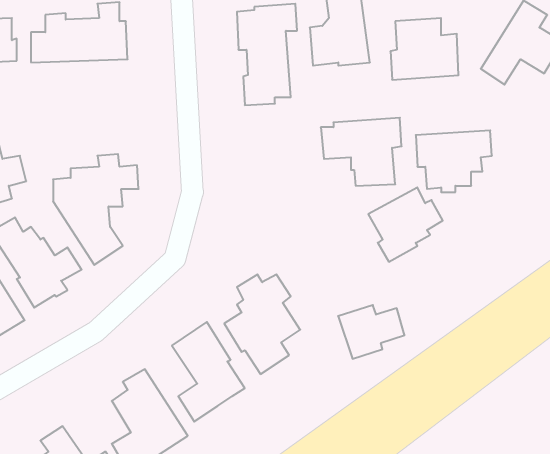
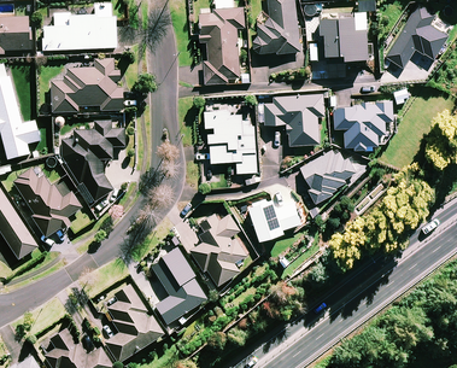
building: none -> [49,58,122,112]
building: none -> [205,107,257,171]
building: [338,305,405,359] -> [250,199,300,240]

